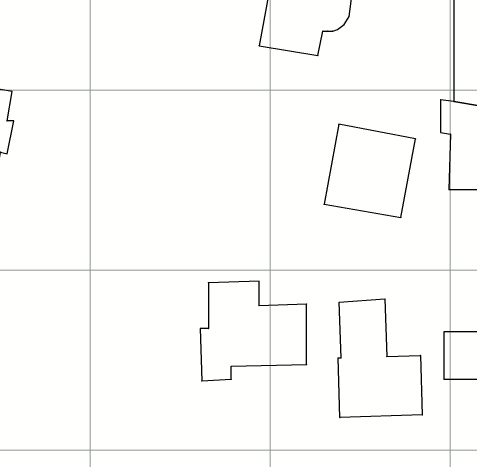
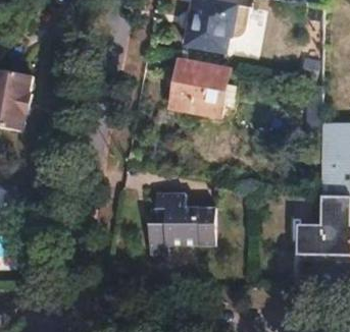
building: [324,124,416,217] -> [169,58,227,116]
building: [338,299,422,418] -> none

